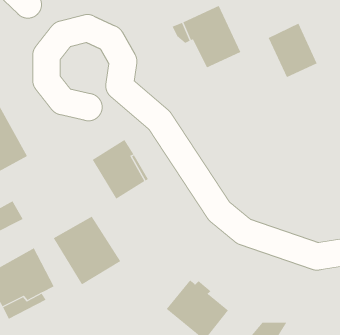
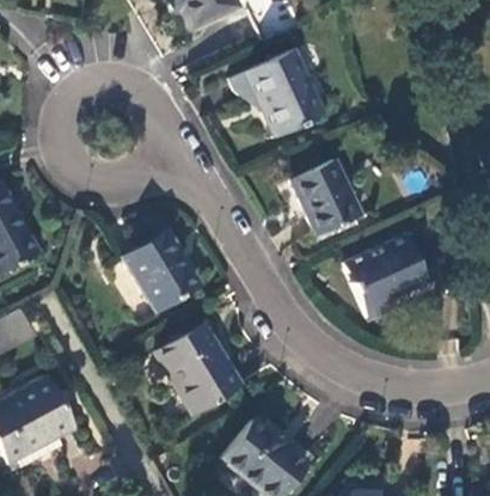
building: [268,23,317,78] -> [293,163,360,237]
building: none -> [343,238,424,318]
building: [53,216,121,285] -> [153,322,245,415]

